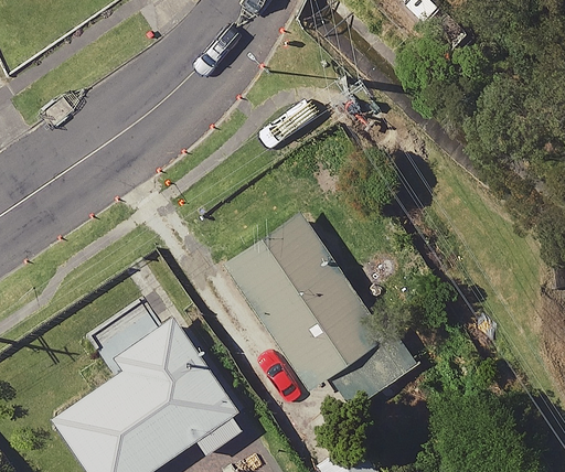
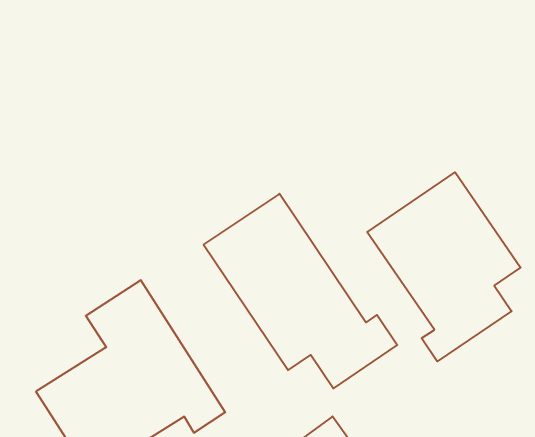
building: none -> [367,172,521,361]

